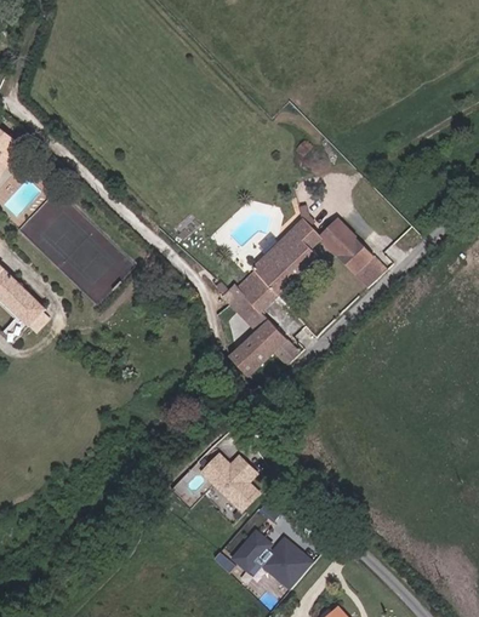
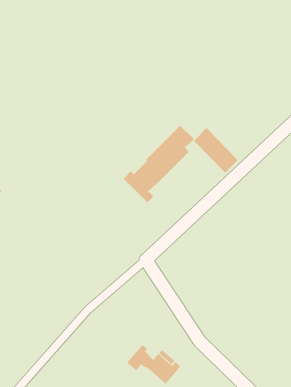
building: [229,319,300,373] -> none
building: [196,456,251,509] -> none

